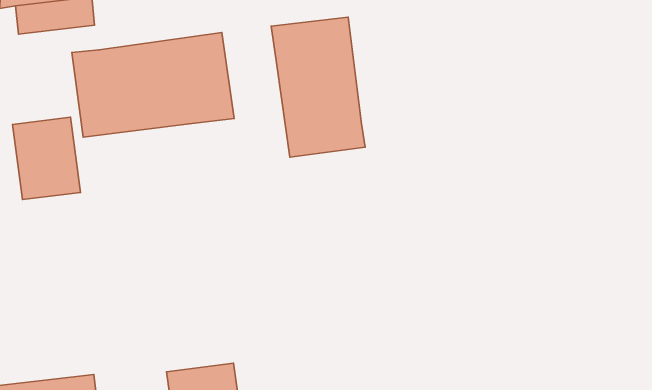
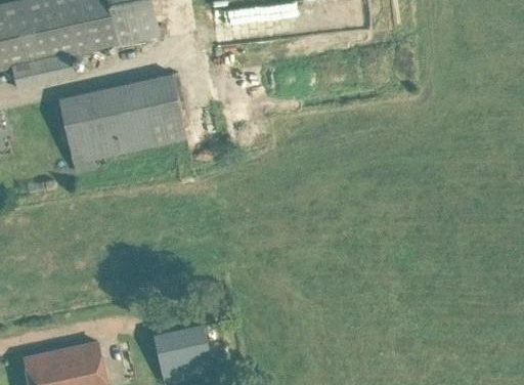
building: [271,17,365,157] -> none
building: [12,117,80,200] -> none

